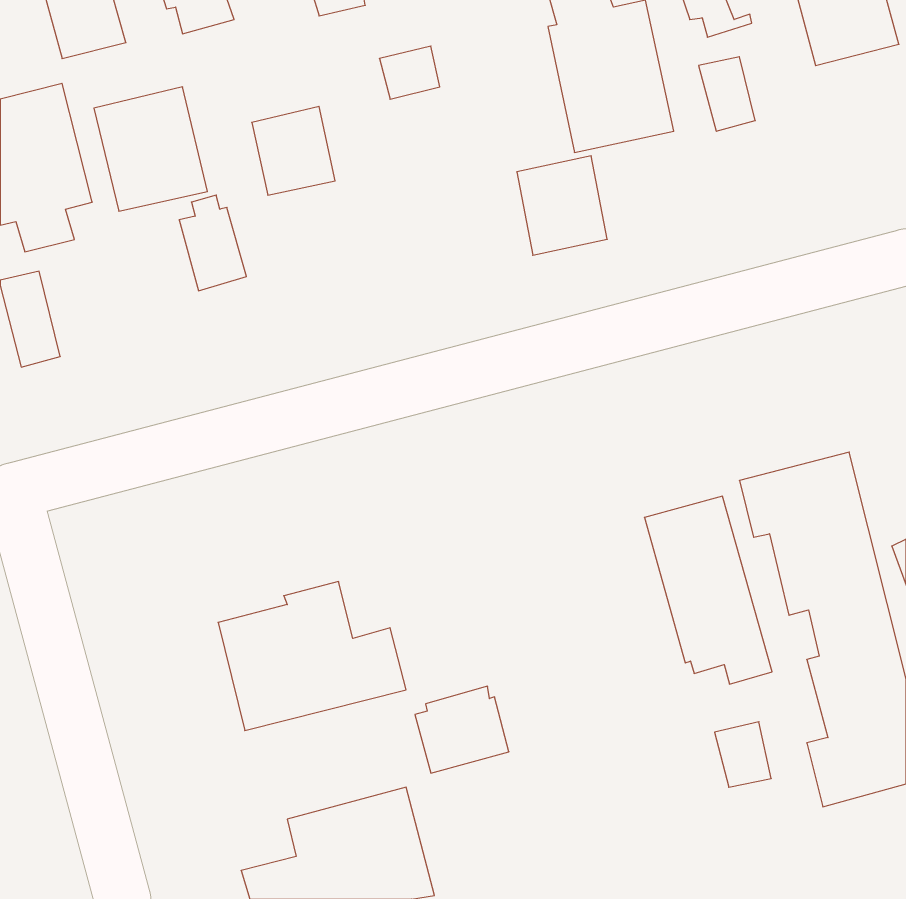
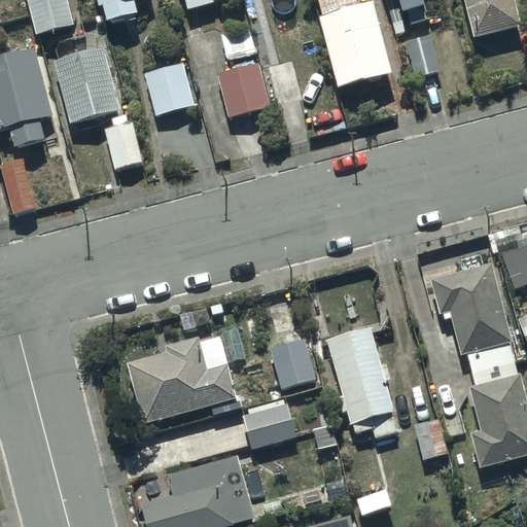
building: [517,156,607,255] -> [217,61,270,118]
building: [644,496,772,684] -> [325,328,399,437]
building: none -> [270,337,316,387]

